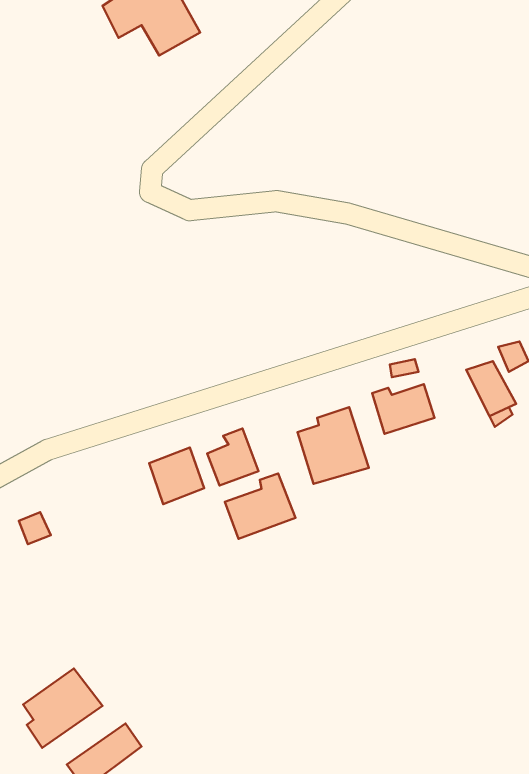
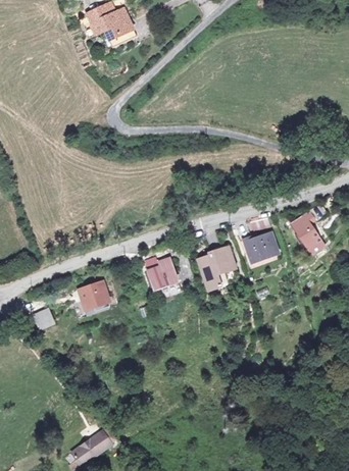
building: [149,447,204,504] -> [77,281,108,314]
building: [225,473,295,539] -> none
building: [23,668,102,748] -> none

